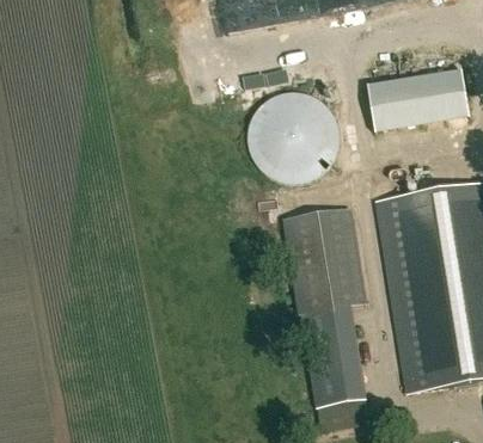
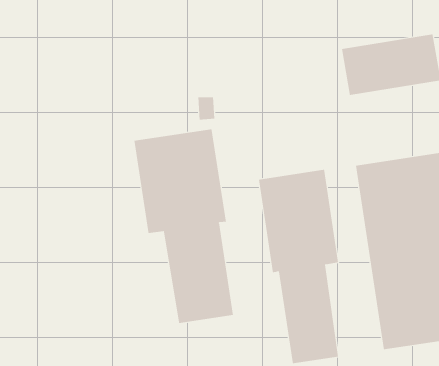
building: [245,91,337,183] -> none
building: none -> [134,129,234,324]

